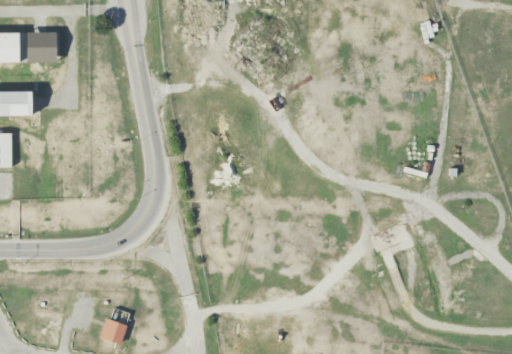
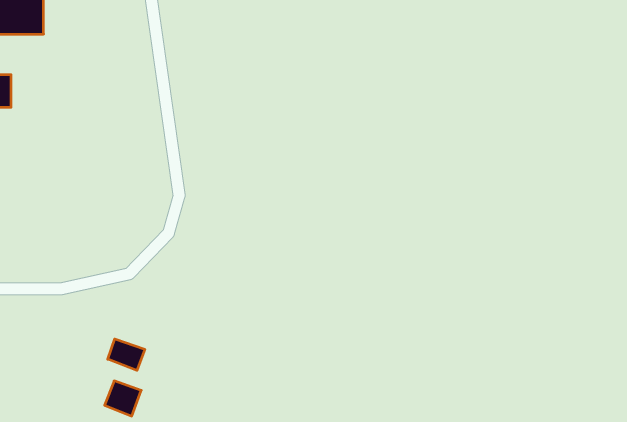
building: none -> [108,339,145,370]

